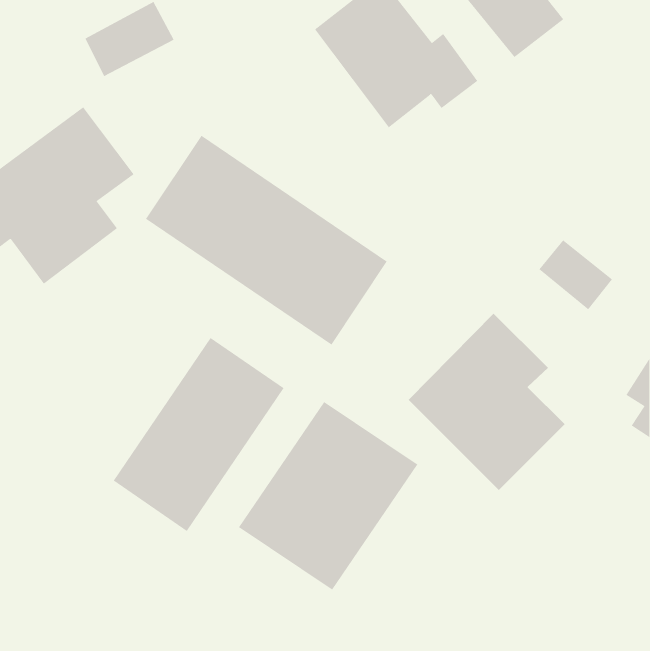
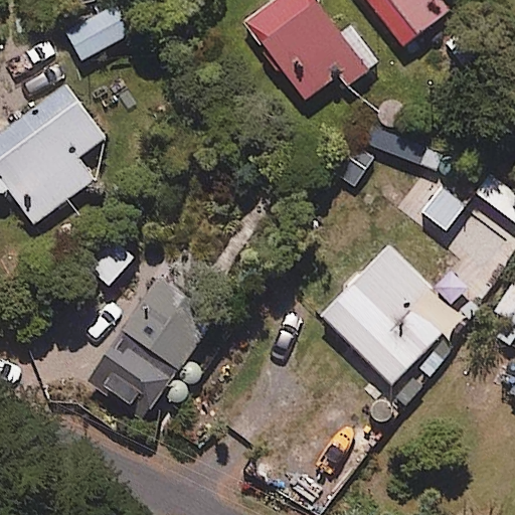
building: [145,135,388,346] -> none
building: [238,401,418,590] -> none

